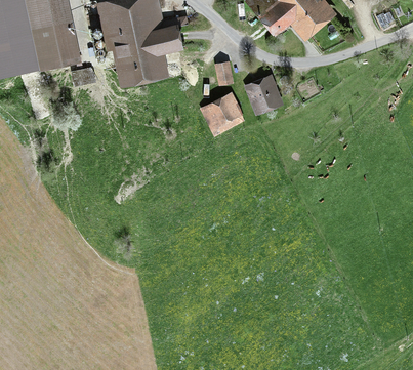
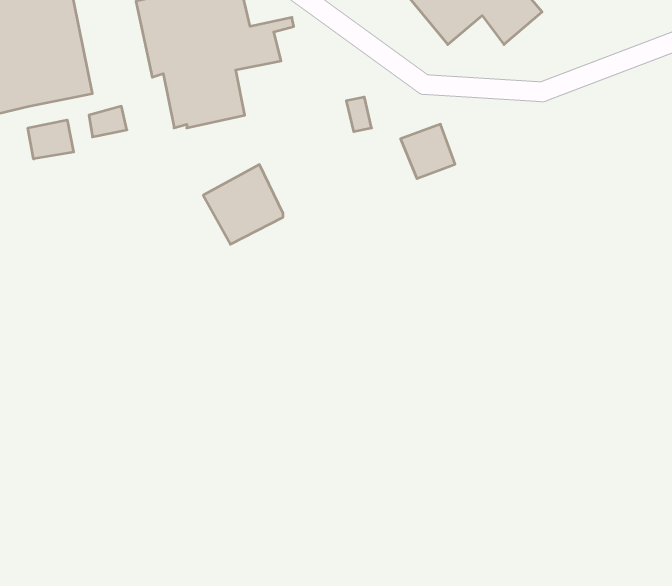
building: none -> [28,120,74,159]
building: [200,90,245,135] -> [203,165,283,244]

